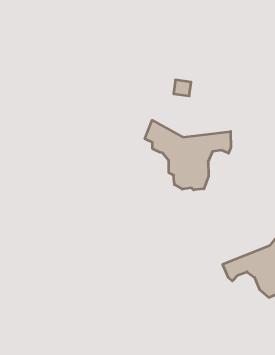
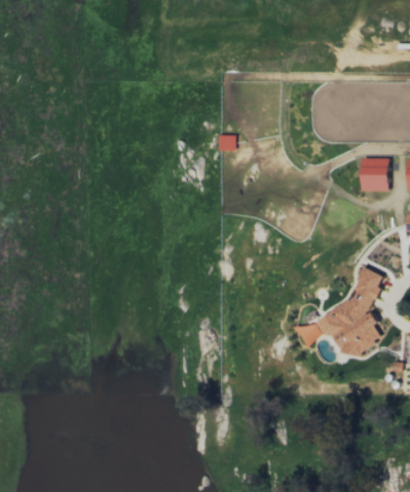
building: [145,120,231,190] -> none

